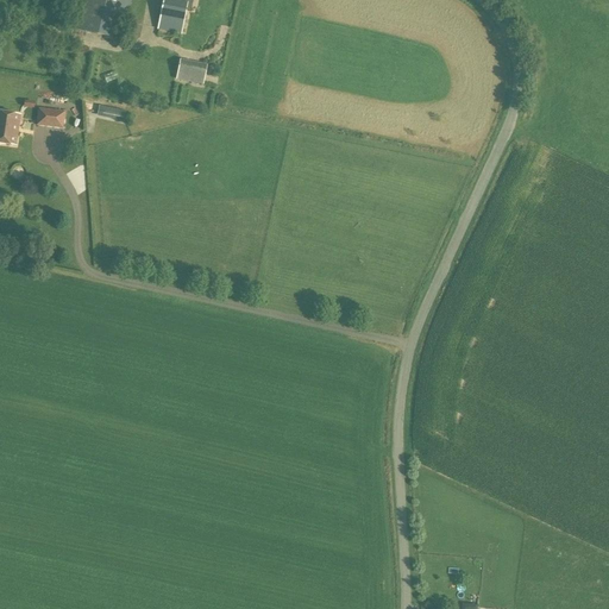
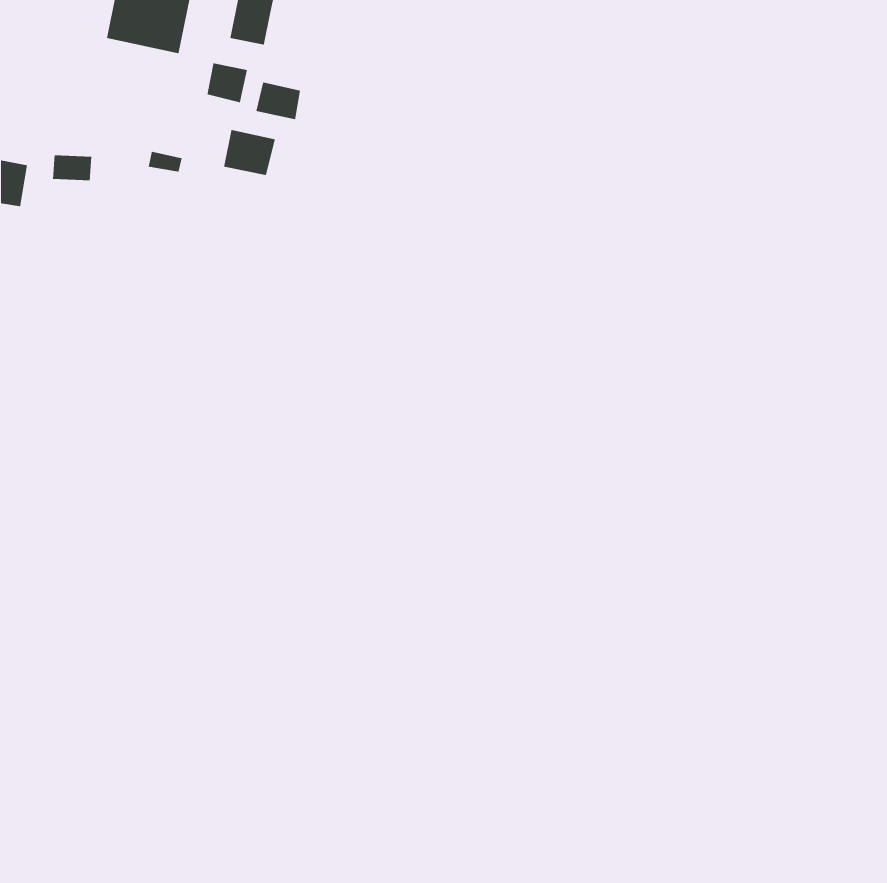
building: none -> [207,62,247,103]
building: none -> [224,129,276,176]

